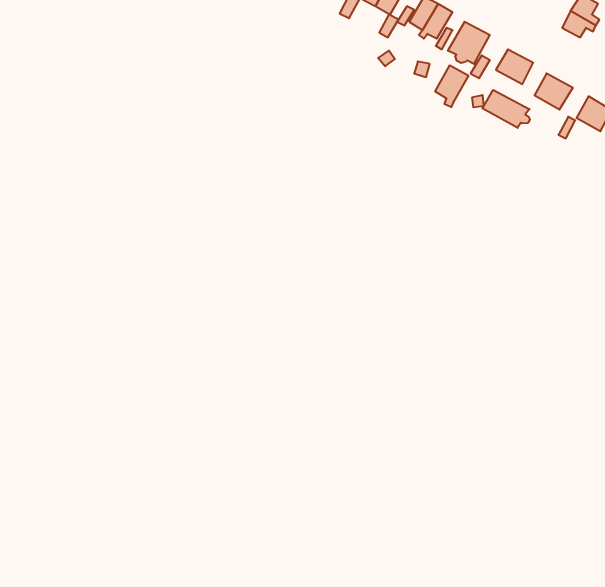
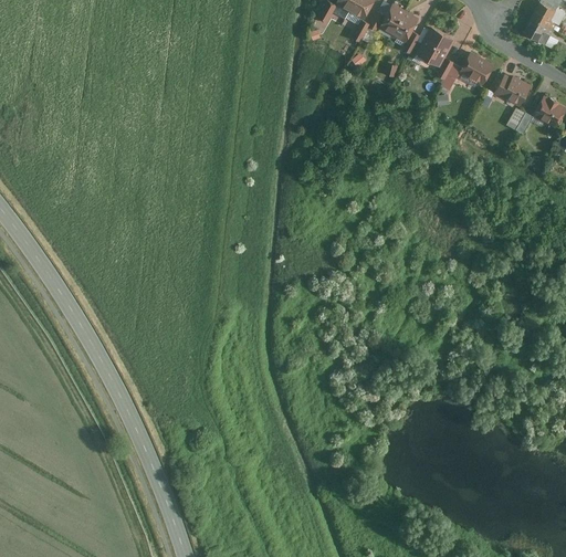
building: [435,65,468,107] -> none
building: [482,90,530,128] -> none

